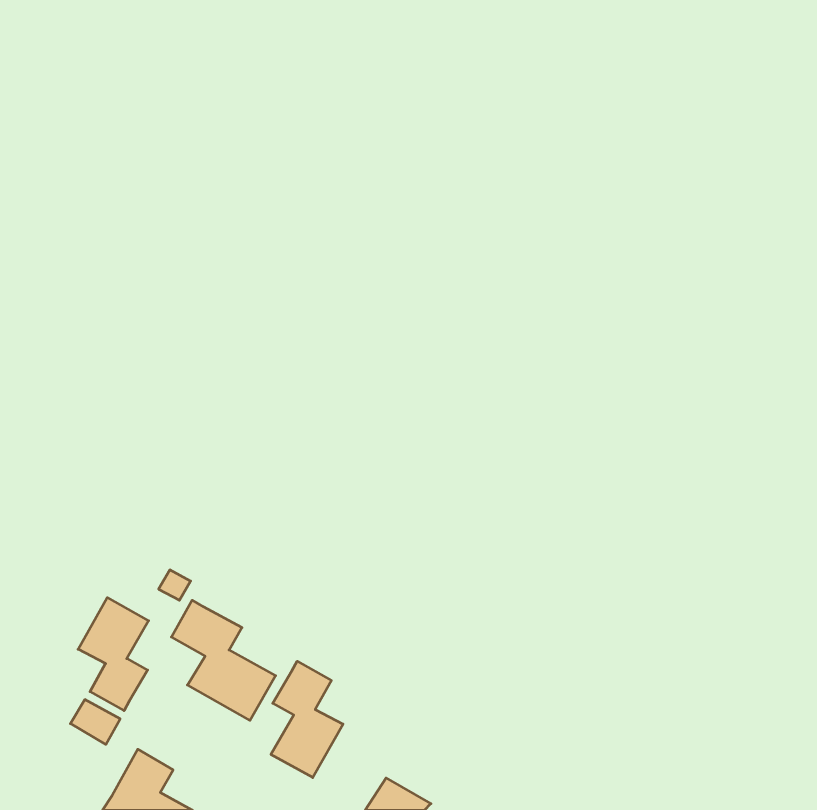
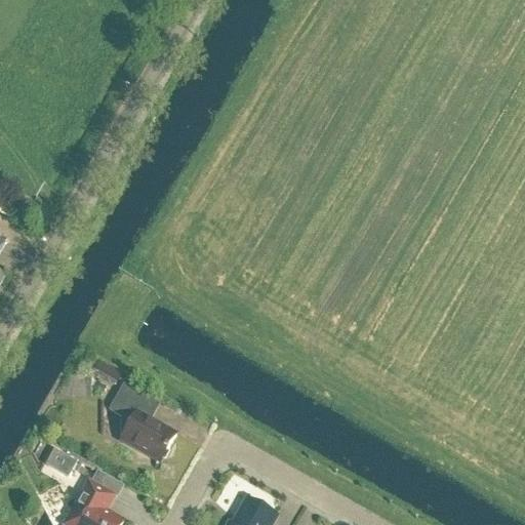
building: [78,598,149,711] -> none
building: [271,661,343,778] -> none

